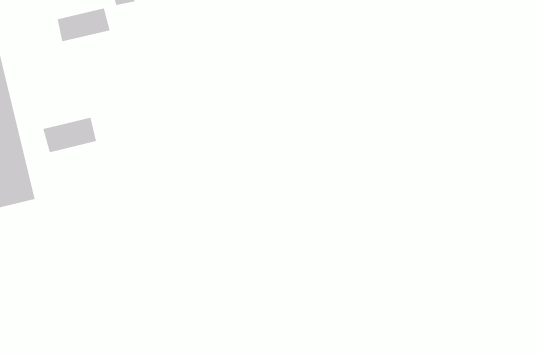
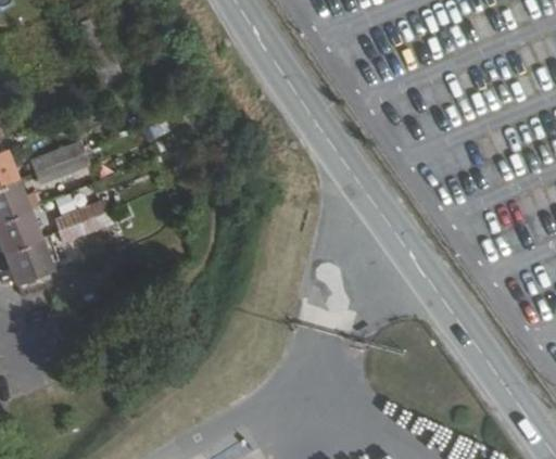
building: [57,8,110,42] -> [35,143,87,181]

